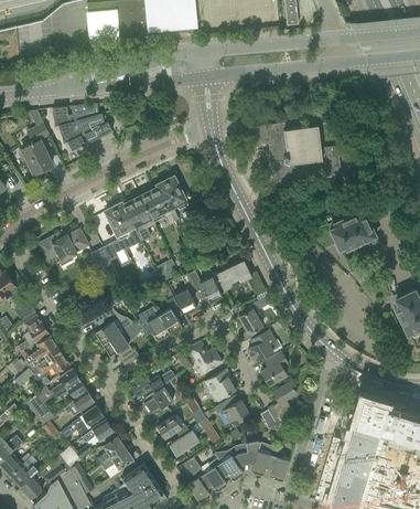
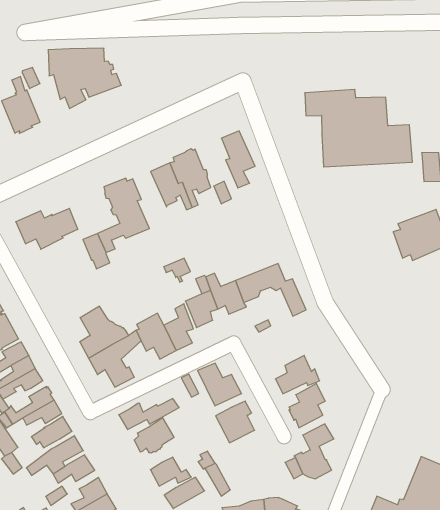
building: [127,197,154,241] -> [221,131,255,188]
building: [238,307,265,342] -> none
building: [214,400,248,424] -> none

